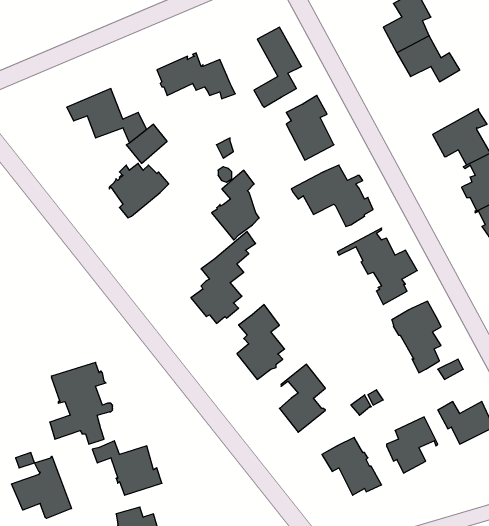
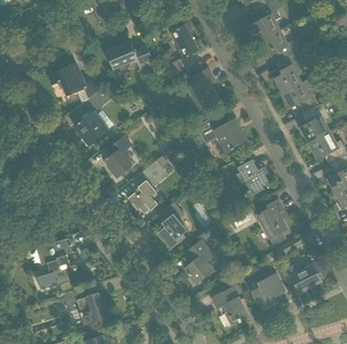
building: none -> [274,51,302,93]
building: [212,170,259,240] -> [103,134,134,179]
building: [12,456,71,518] -> none

